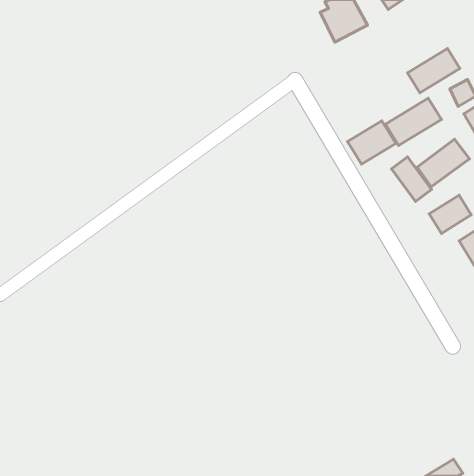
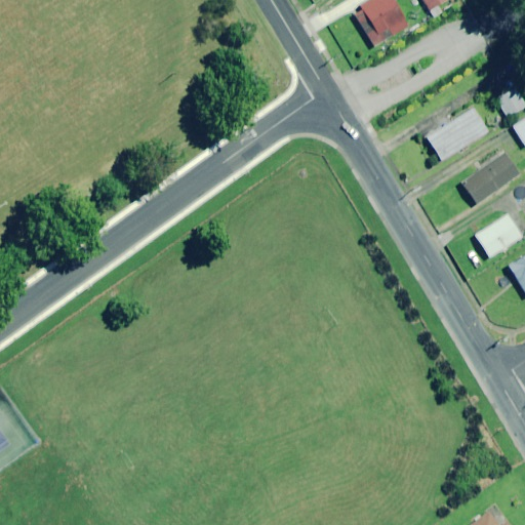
building: [408,49,460,93] -> none
building: [348,121,396,164] -> none
building: [392,157,431,201] -> none

